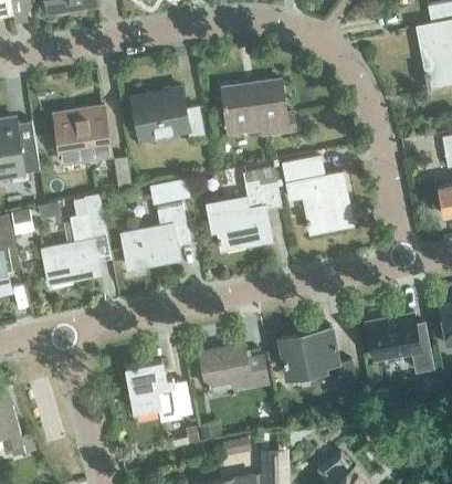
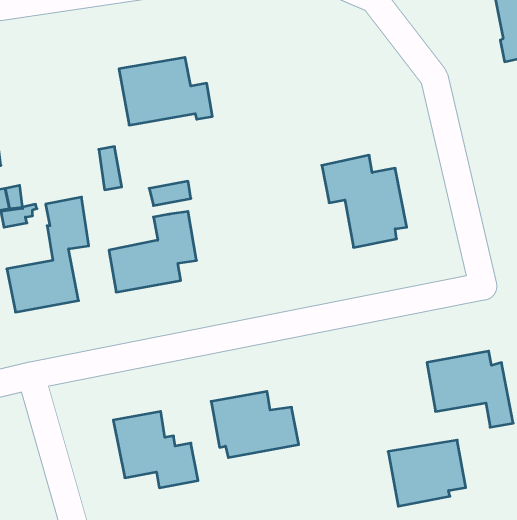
building: [220,80,295,135] -> none
building: [53,105,108,157] -> none
building: [207,167,281,250] -> none
building: [278,328,338,379] -> [388,440,466,506]

